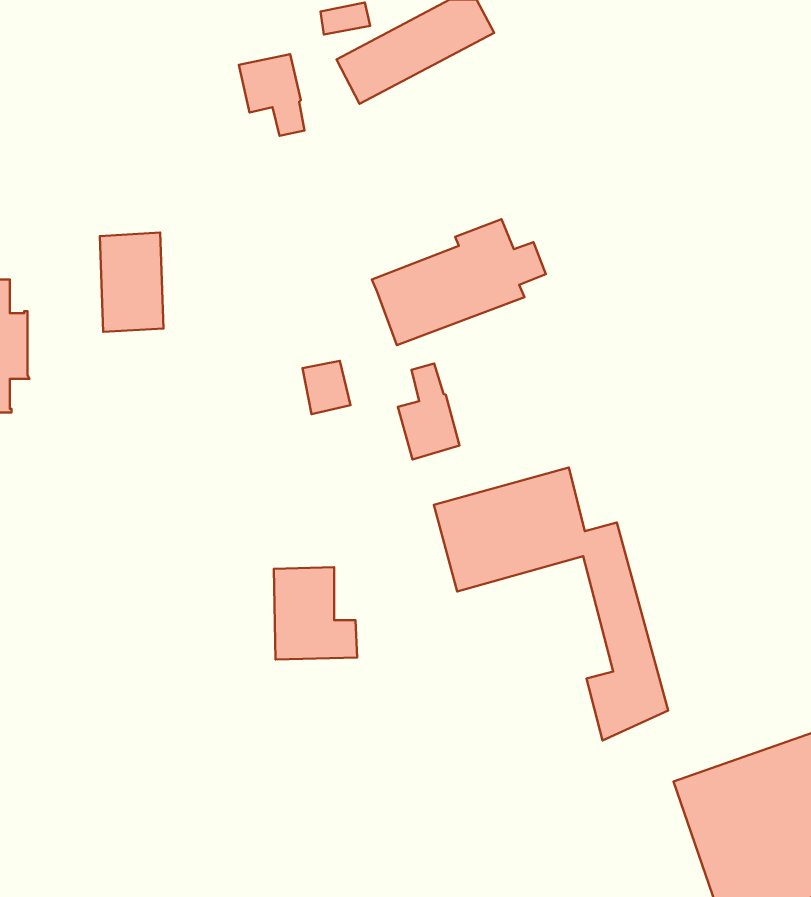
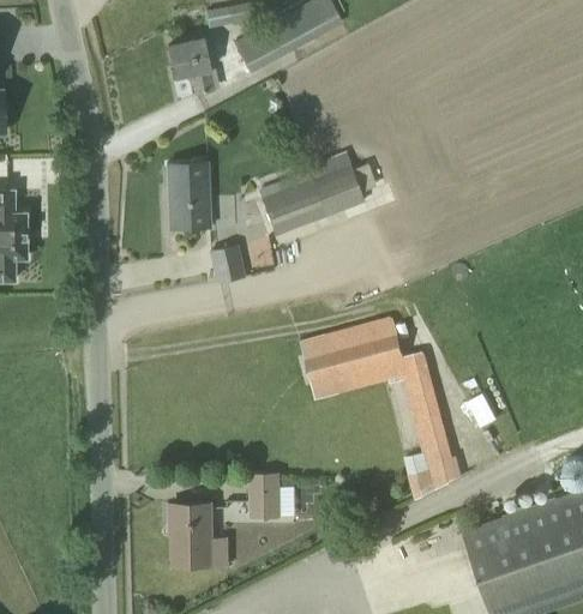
building: [100,233,164,332] -> [167,162,210,229]
building: [398,363,459,459] -> none
building: [274,567,357,659] -> [172,504,228,566]
building: none -> [248,476,281,519]

